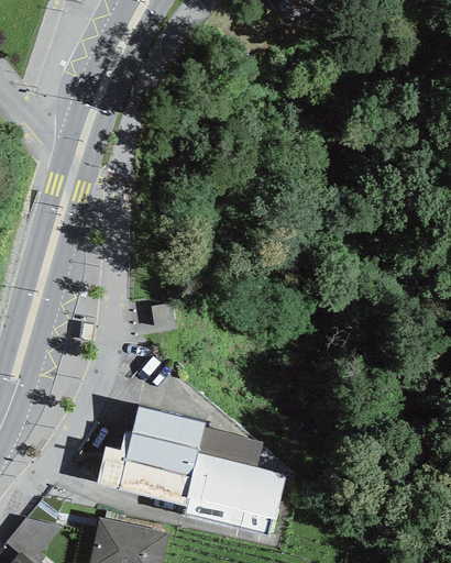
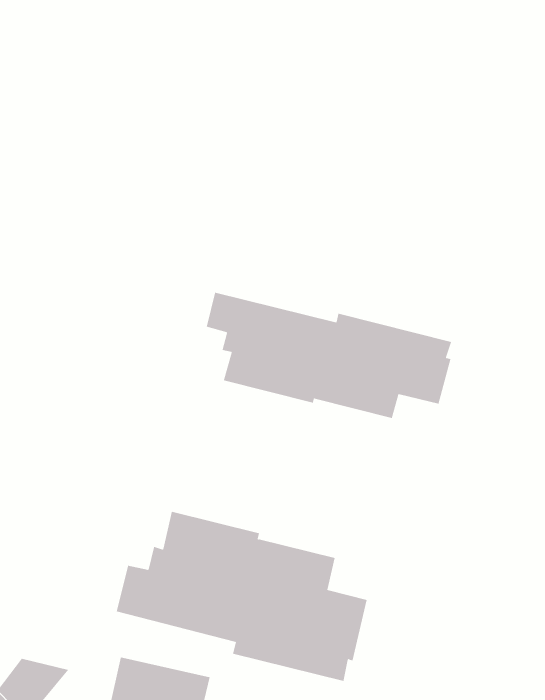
building: none -> [206,292,452,419]

